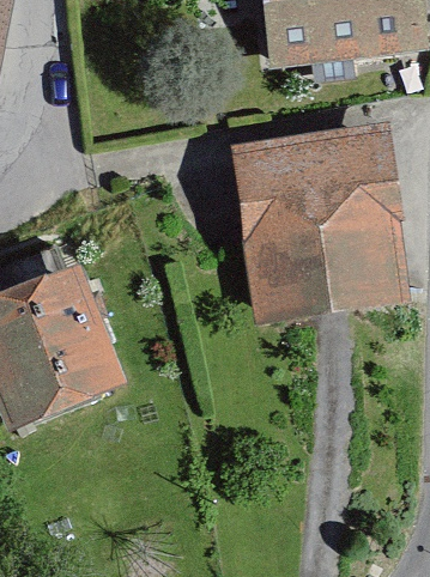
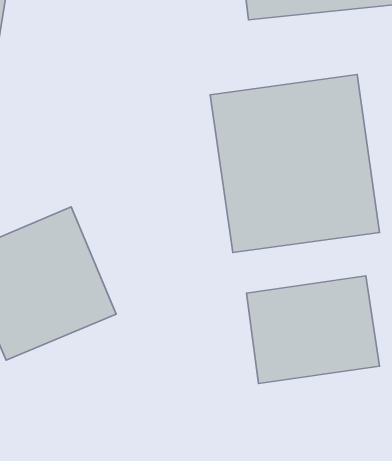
building: none -> [246,276,379,383]

